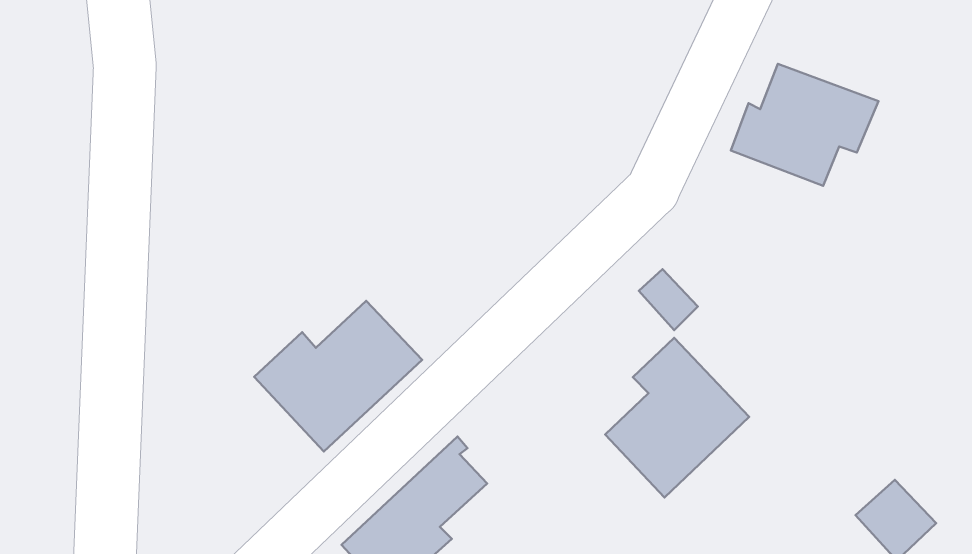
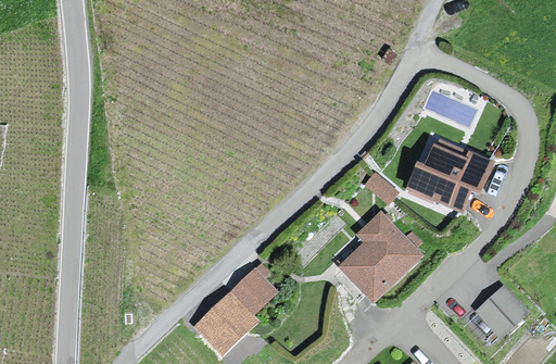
building: [731,64,878,186] -> [413,143,494,211]
building: [254,301,422,451] -> none

